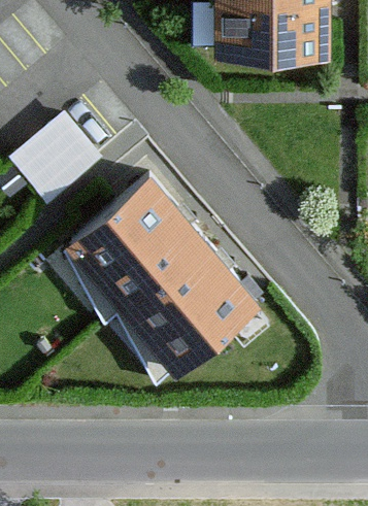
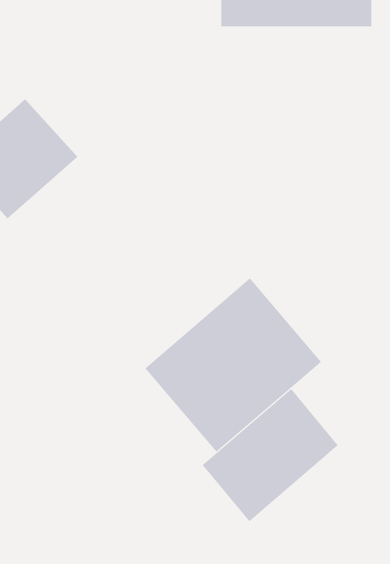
building: [92,184,226,315] -> none
building: none -> [202,388,338,522]

